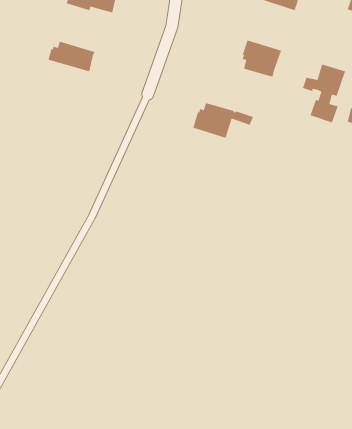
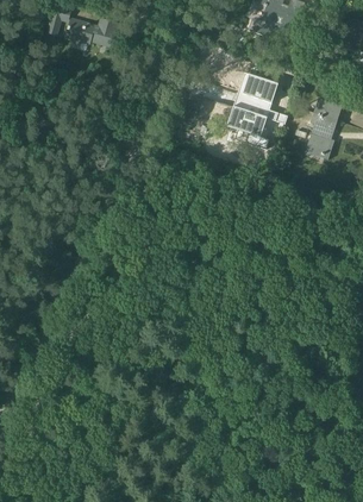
building: [48,41,95,72] -> none
building: [192,102,254,139] -> [227,102,288,138]

